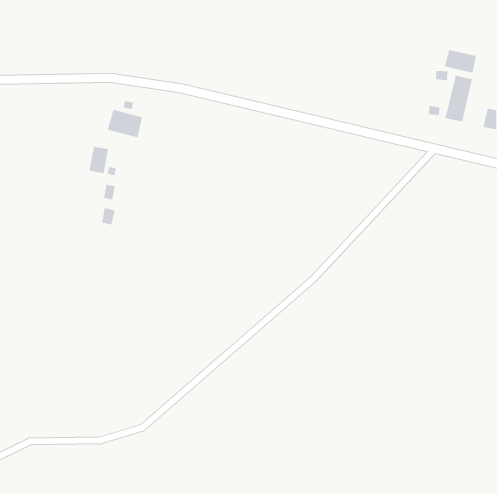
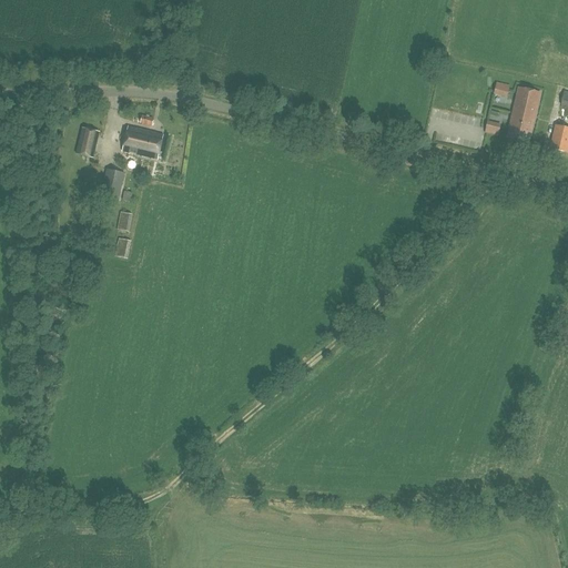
building: [444,49,477,73] -> none
building: none -> [77,126,99,155]

